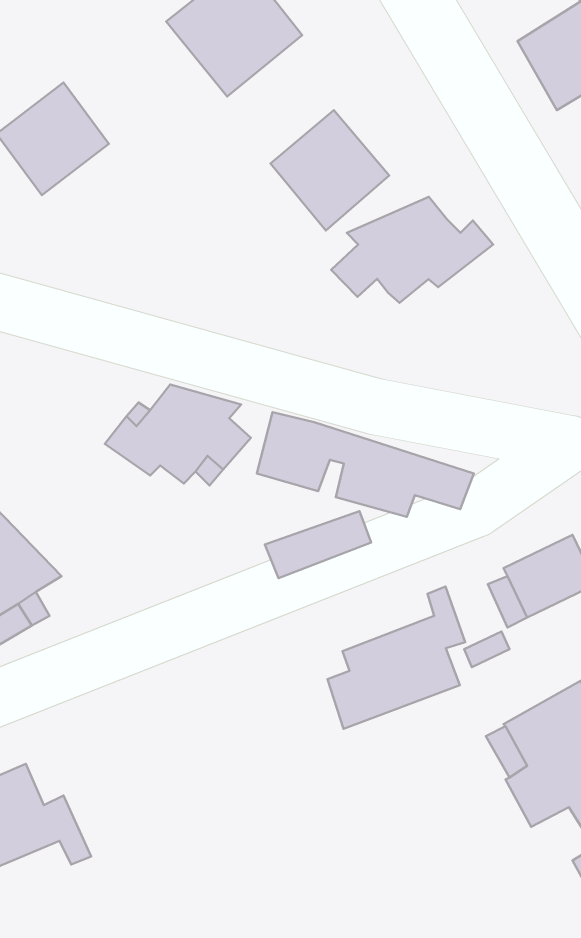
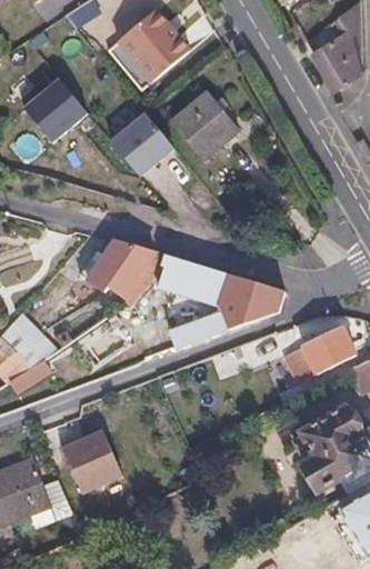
building: none -> [111,111,174,173]
building: [331,197,493,303] -> none
building: [328,586,465,729] -> none
building: none -> [61,432,122,495]

